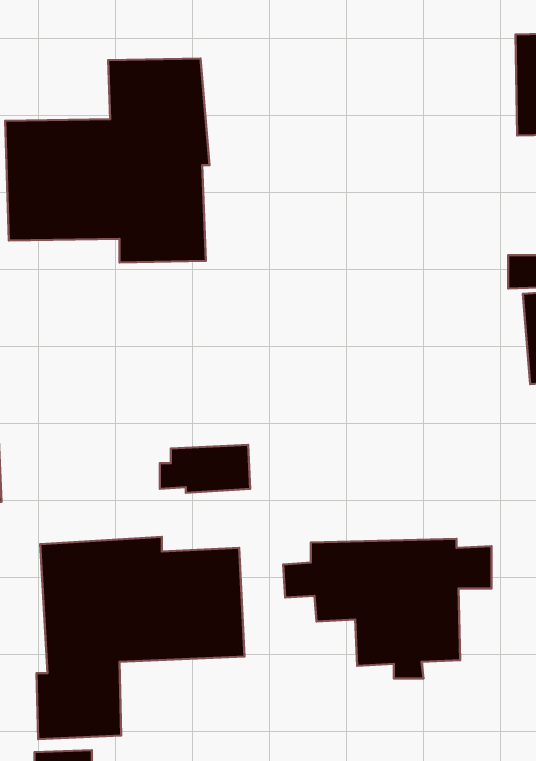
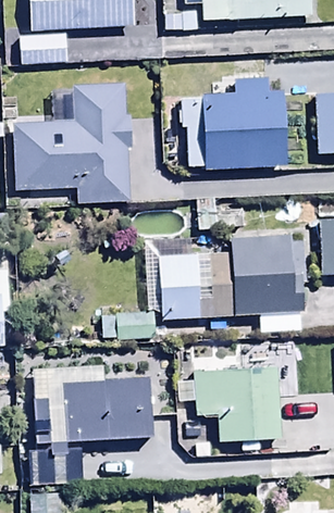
building: none -> [178,78,287,165]
building: none -> [145,230,309,333]

